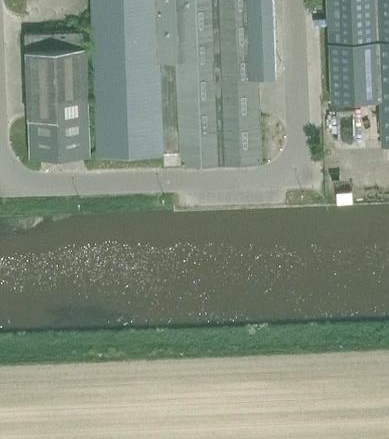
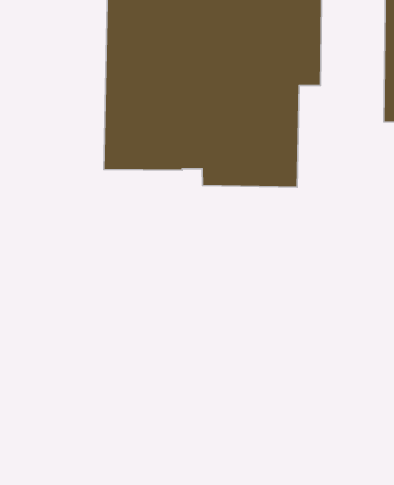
building: [25,33,90,159] -> none

